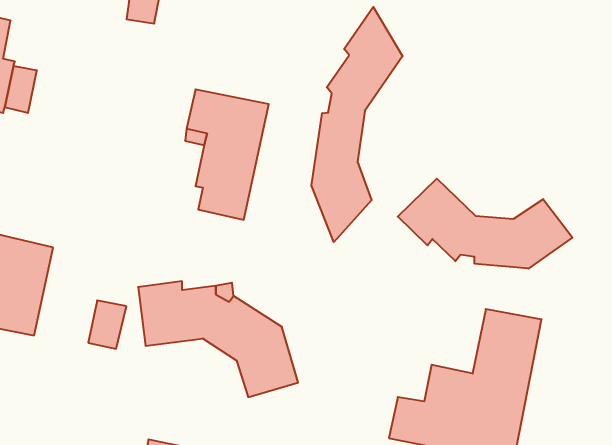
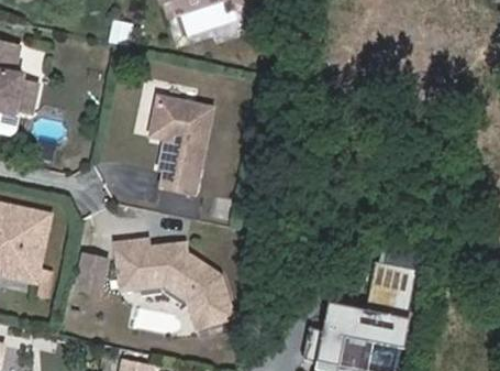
building: [311,7,403,242] -> none
building: [398,179,572,269] -> none

